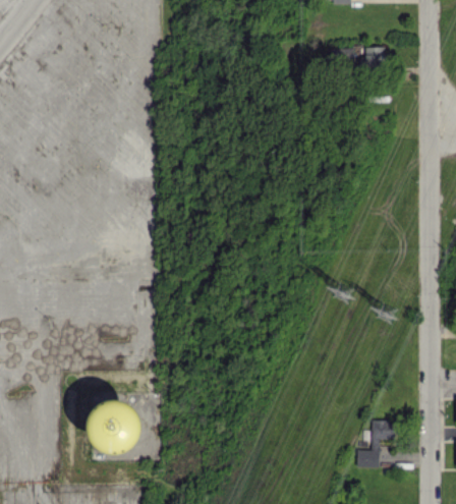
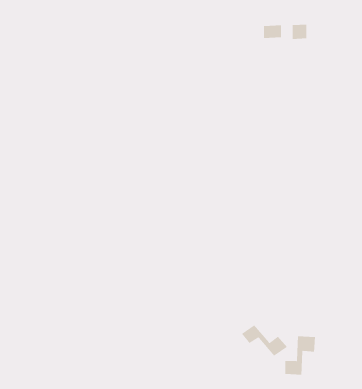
building: none -> [241,325,288,357]

